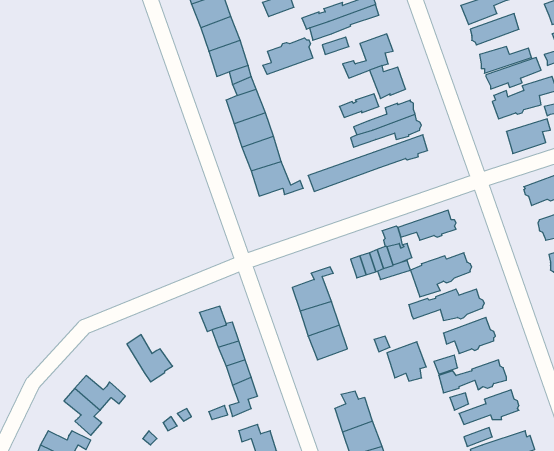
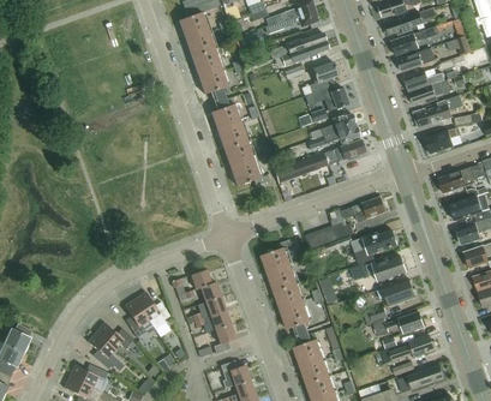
building: [263,38,313,74] -> none
building: [387,342,426,381] -> [281,303,311,333]
building: none -> [125,299,154,337]

